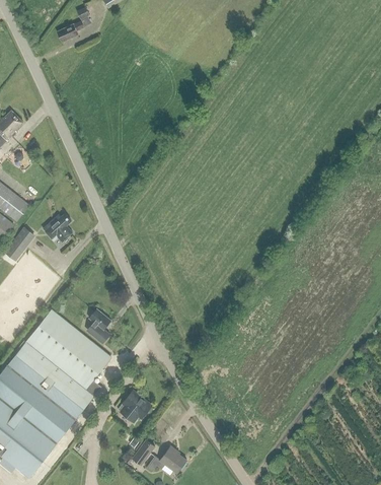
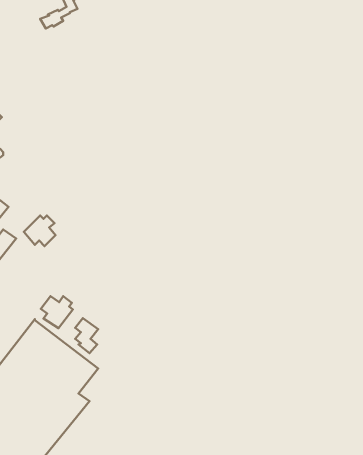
building: none -> [41,296,73,328]
building: [119,390,152,422] -> none

